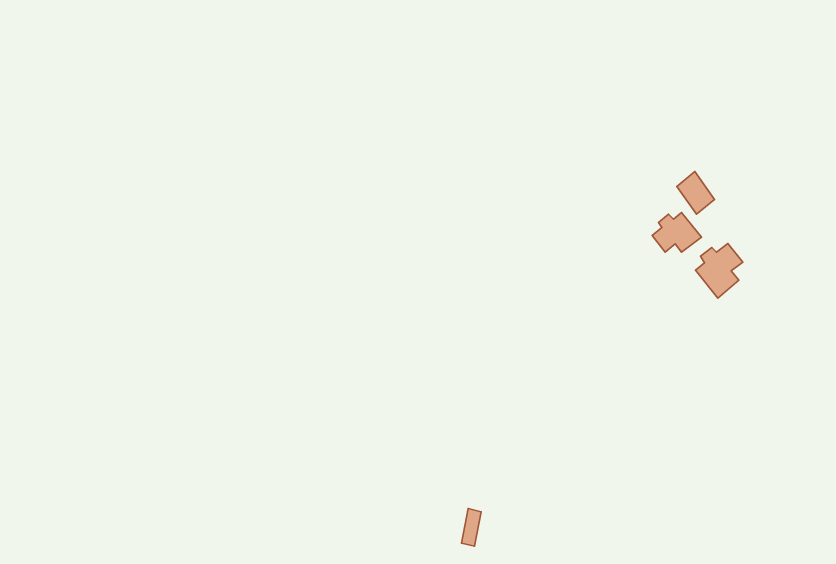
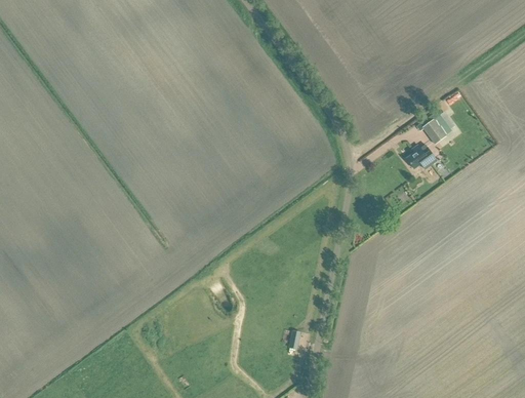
building: [695,244,743,298] -> none

